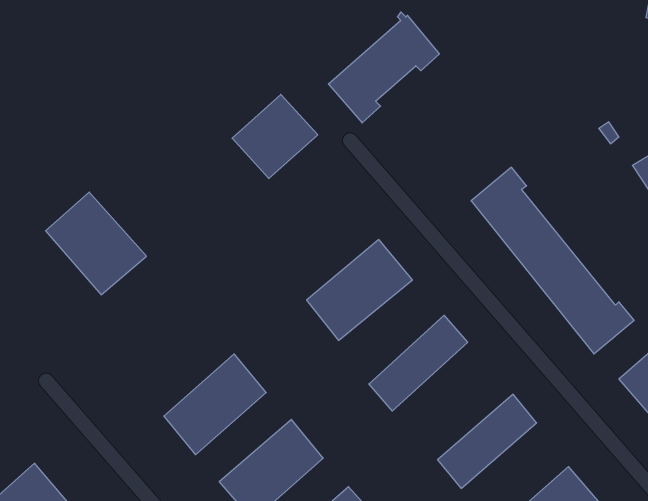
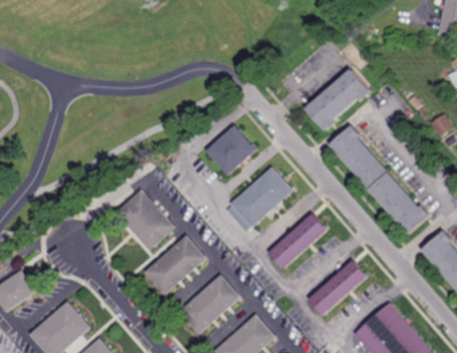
building: [328,12,439,123] -> [305,64,372,130]
building: [232,94,318,179] -> [206,123,258,174]
building: [46,192,146,295] -> [115,188,176,250]

